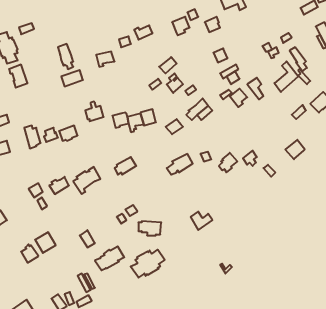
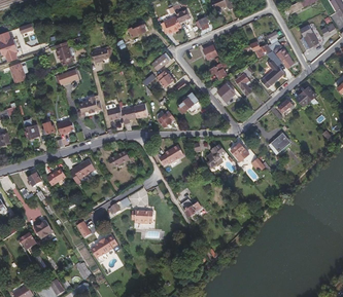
building: [131,250,165,278] -> none

